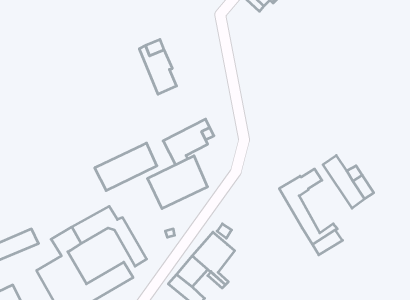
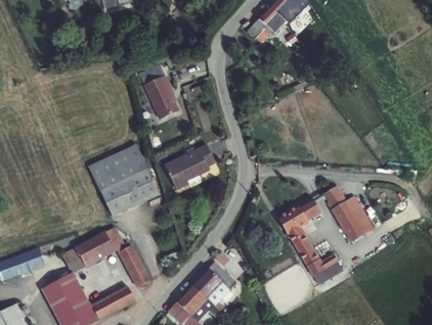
building: [147,156,208,209] -> [86,140,145,192]

